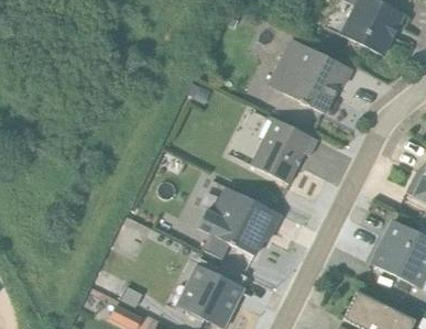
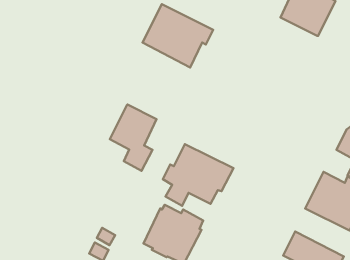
building: [267,39,352,114] -> [142,4,213,67]
building: [250,114,318,185] -> none
building: none -> [110,105,157,171]

